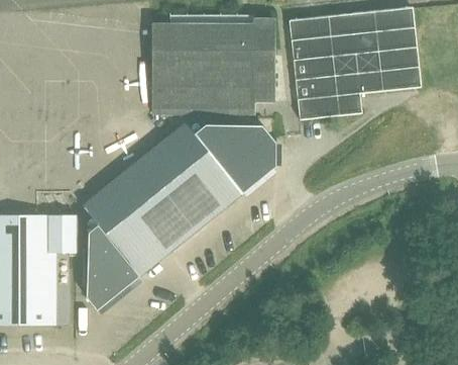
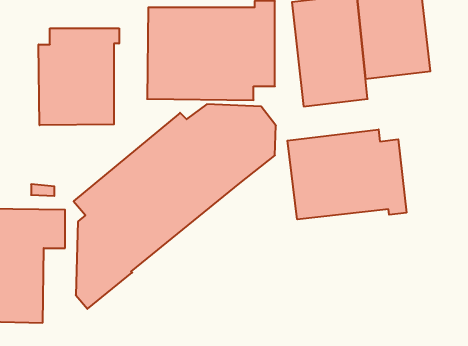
building: none -> [39,28,119,125]
building: none -> [287,129,406,219]

